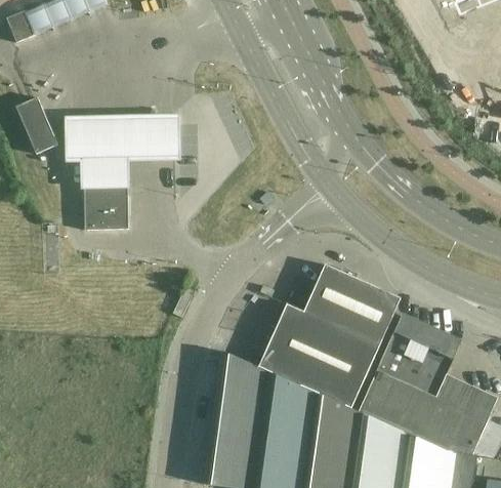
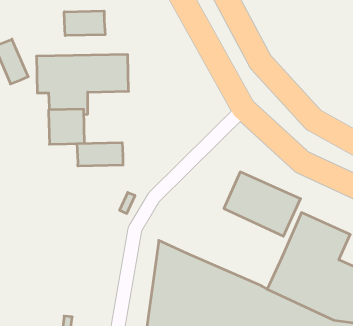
building: none -> [64,11,105,36]
building: none -> [77,143,123,166]
building: [257,302,378,408] -> none

